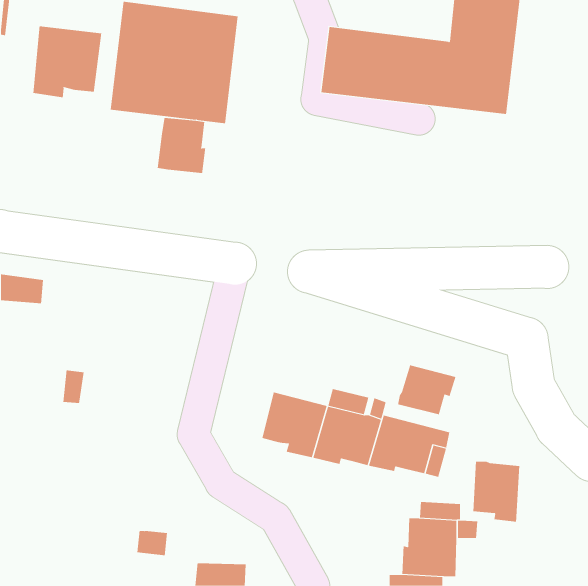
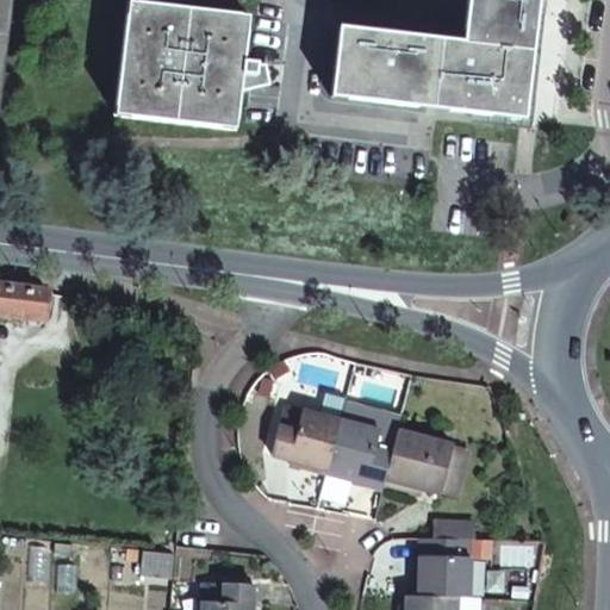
building: [33,25,102,98] -> none
building: [157,117,206,174] -> none
building: [398,364,456,415] -> none
building: [473,461,520,522] -> none

